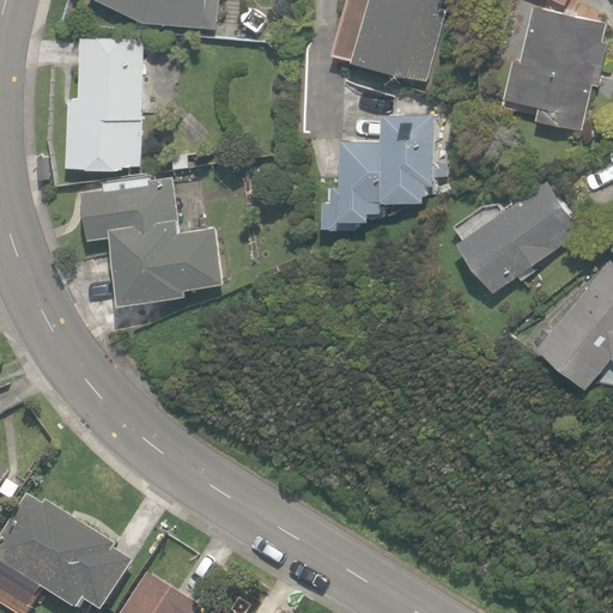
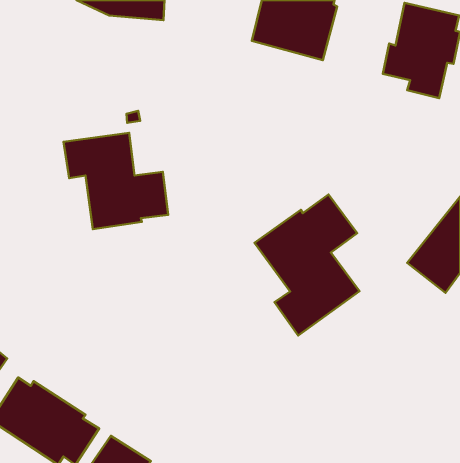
building: [66,37,141,171] -> none
building: [321,115,436,231] -> none
building: [459,181,581,293] -> none
building: none -> [255,195,359,336]

